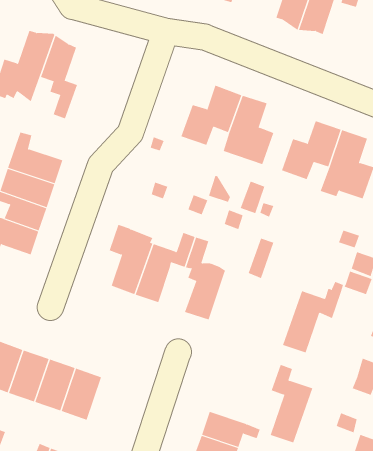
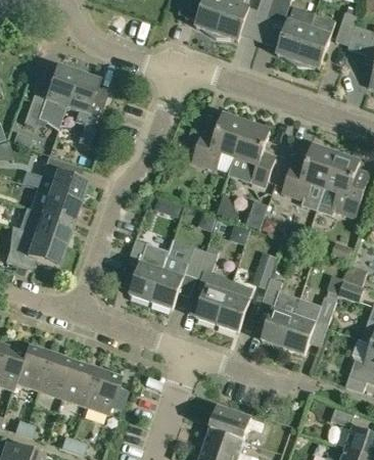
building: none -> [218,282,252,332]
building: [270,364,313,443] -> [262,277,300,348]

